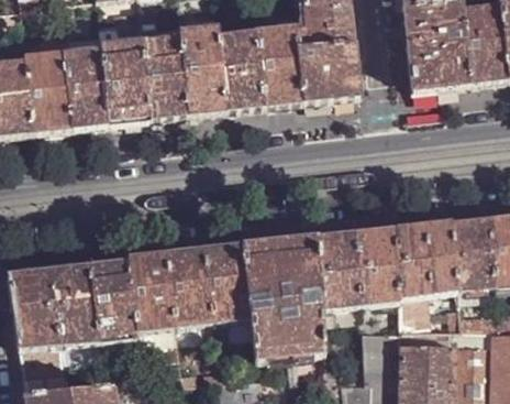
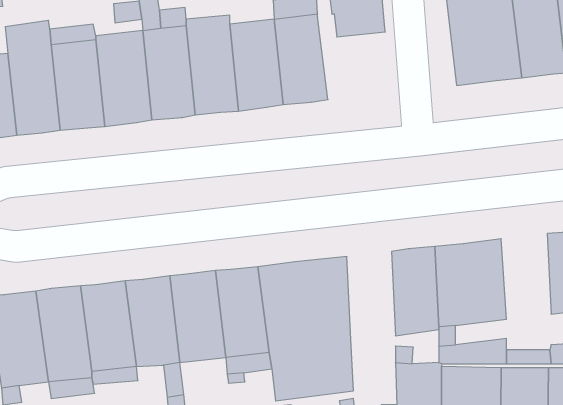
building: [293,28,357,101] -> none
building: [452,217,495,291] -> none
building: [319,232,361,308] -> none

